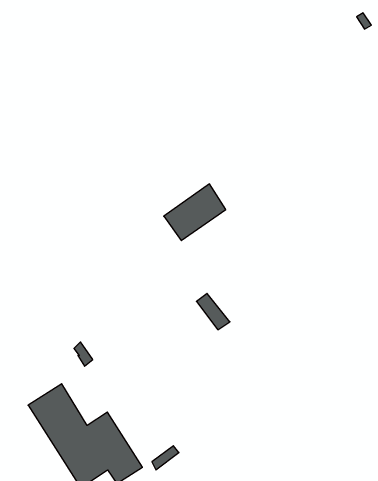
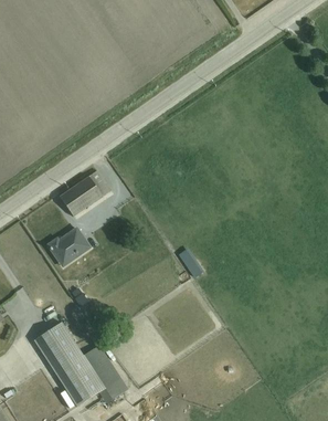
building: [164,184,226,241] -> [59,169,109,215]
building: none -> [47,228,89,266]

